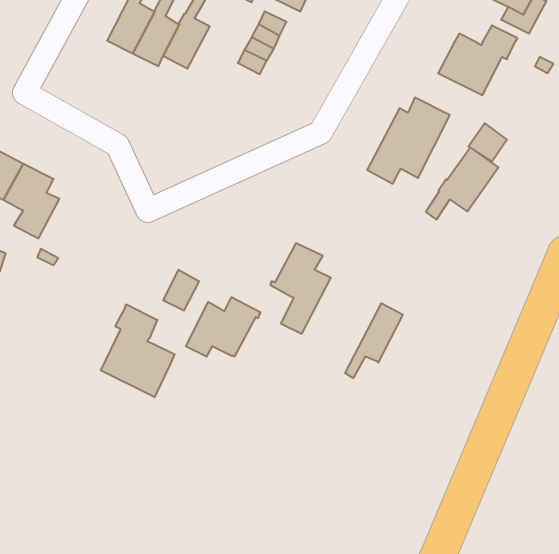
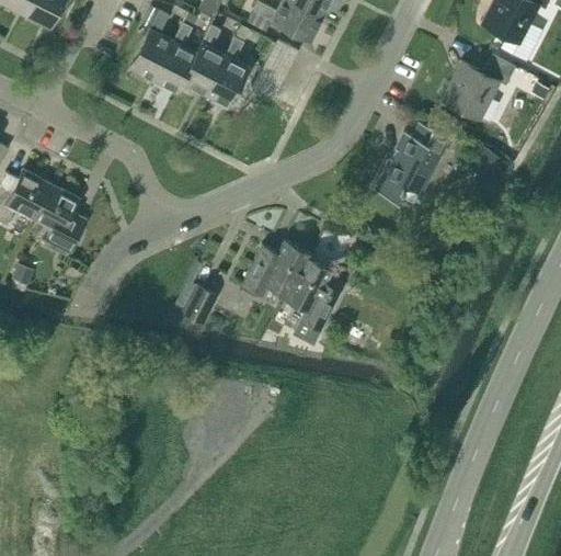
building: none -> [205,37,250,107]
building: [426,148,499,220] -> none
building: [186,297,260,357] -> [241,241,311,297]
building: [345,303,403,378] -> none
building: [101,304,175,397] -> none

